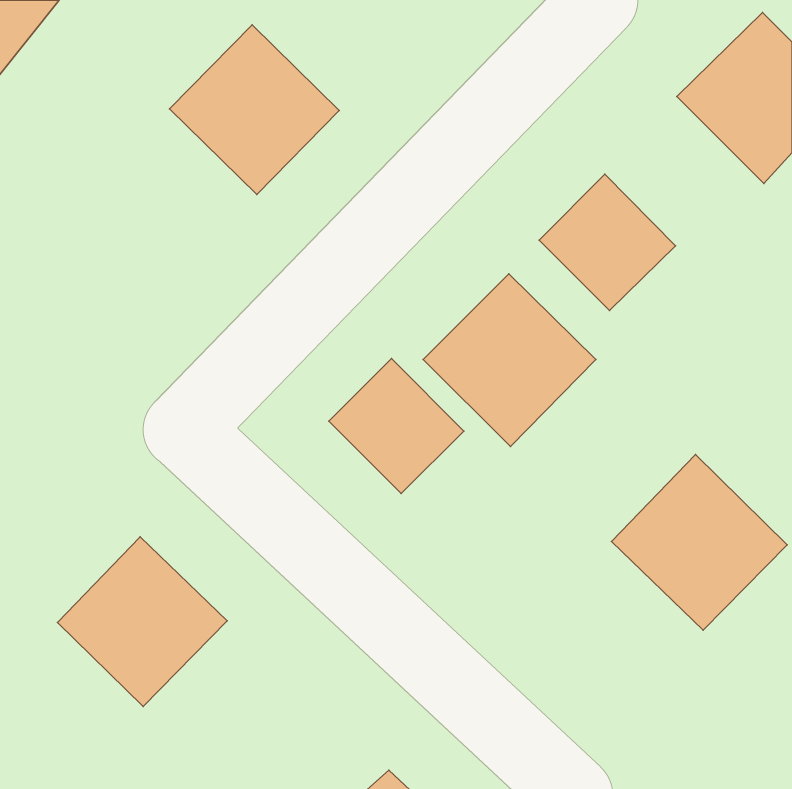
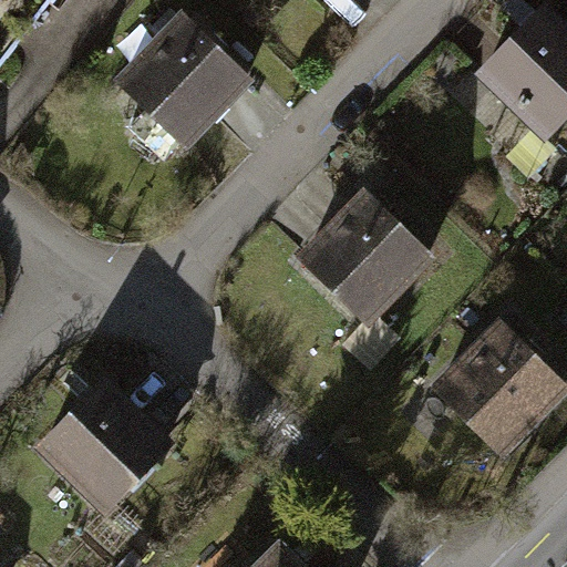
building: [539,174,675,311] -> none
building: [329,359,464,494] -> none

